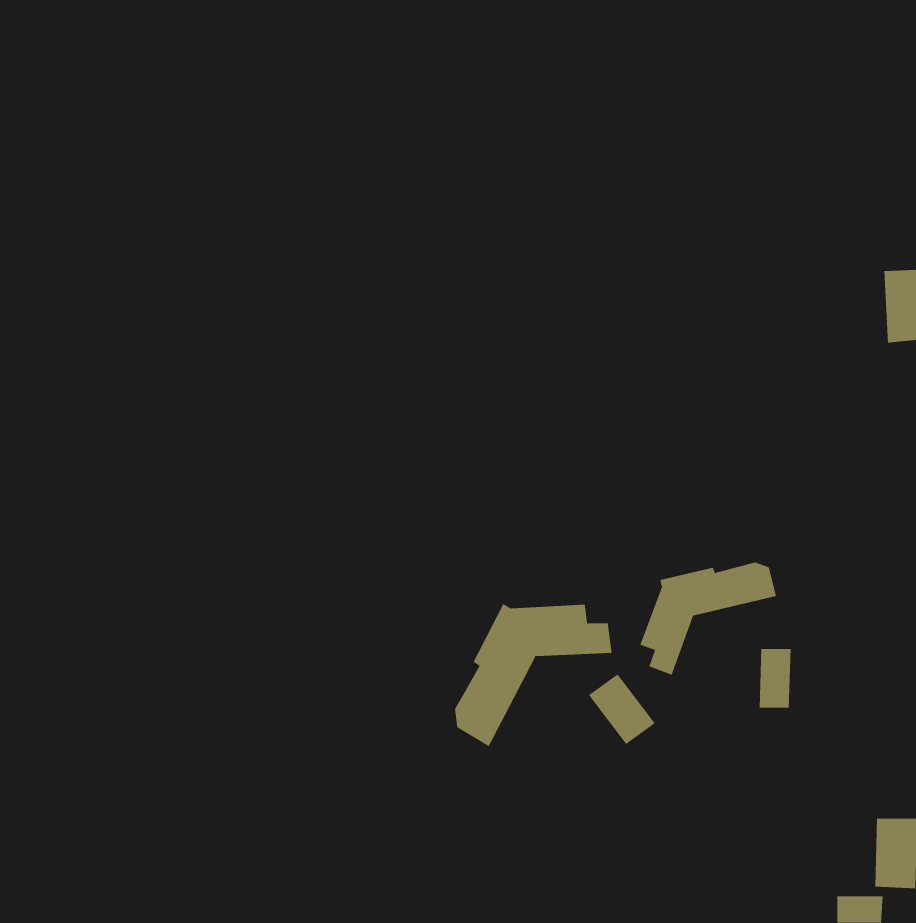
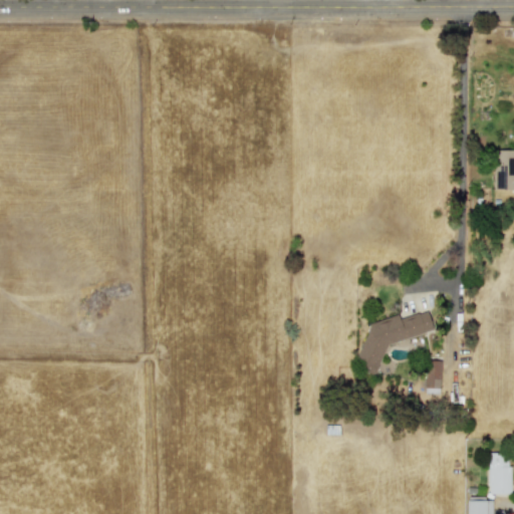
building: [455,603,612,747] -> none
building: [588,674,655,745] -> none

